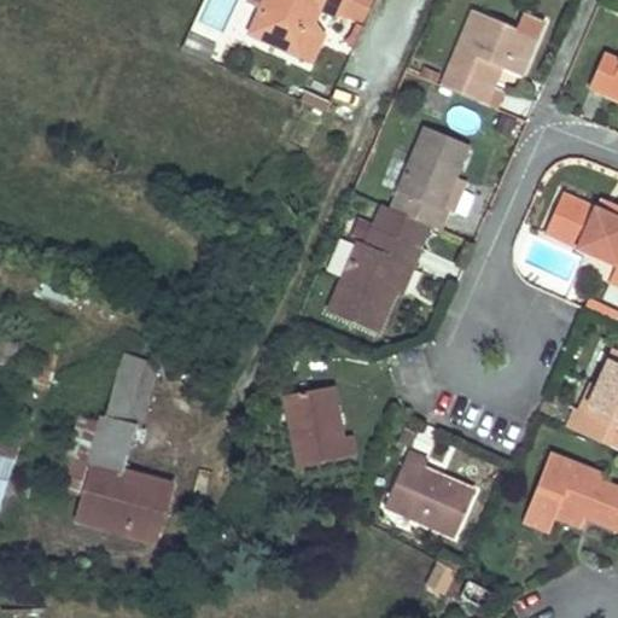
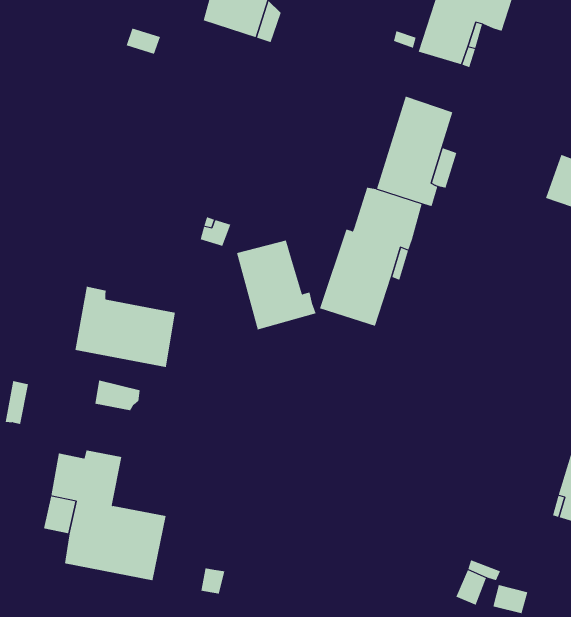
building: none -> [75,286,175,368]
building: [103,377,147,427] -> none
building: [287,385,355,465] -> [236,240,316,330]
building: [385,451,476,536] -> none

